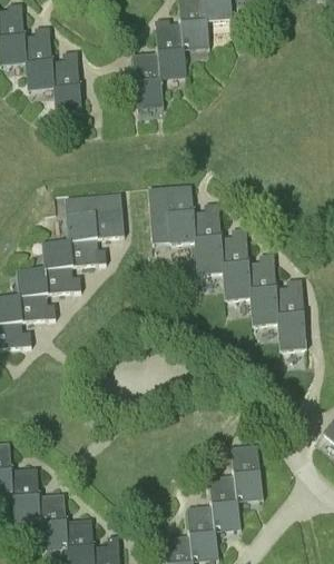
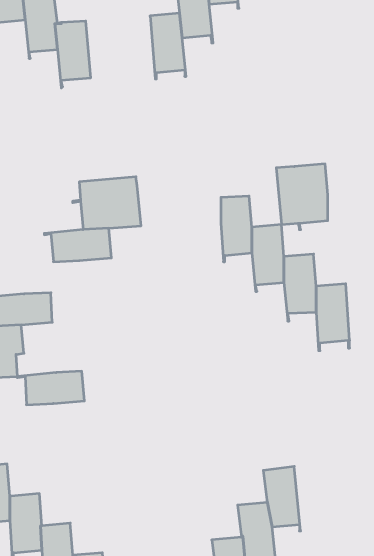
building: [149,186,194,243] -> [276,164,328,230]
building: [16,267,73,296] -> [17,371,84,405]

